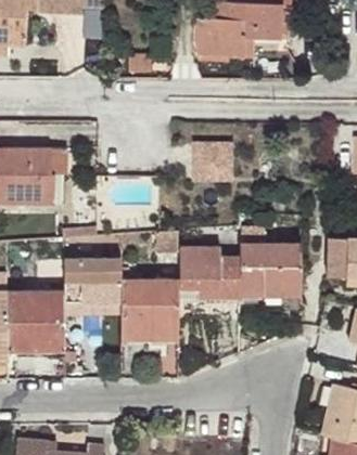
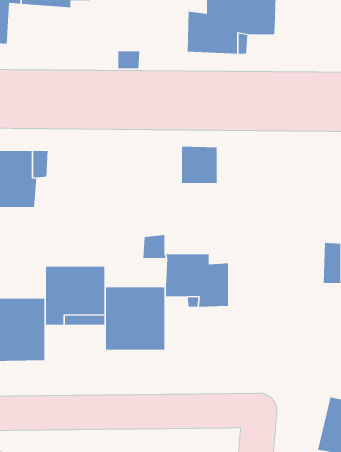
building: [239,242,301,297] -> none

